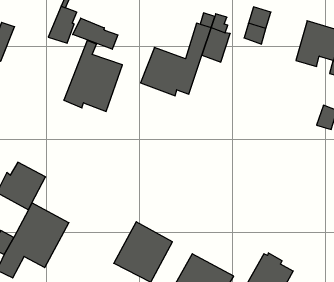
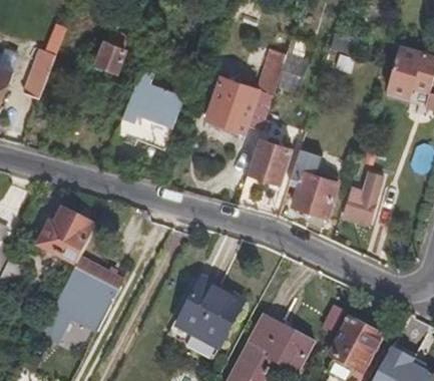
building: [73,18,118,49] -> none
building: none -> [247,139,293,183]
building: none -> [290,147,338,218]
building: none -> [344,170,381,219]

